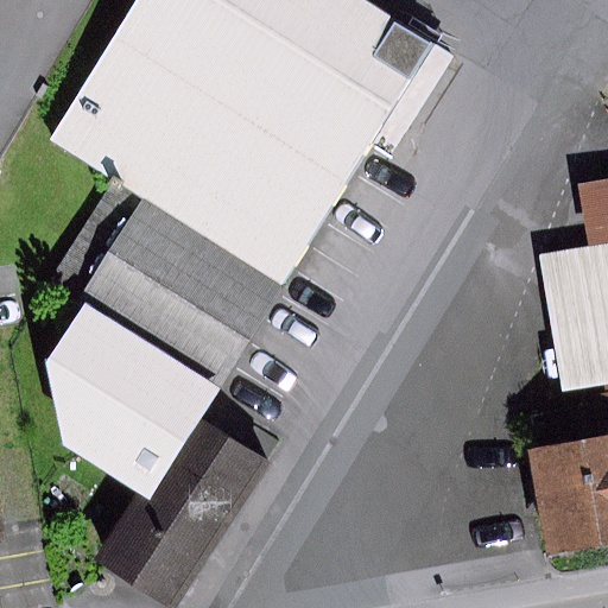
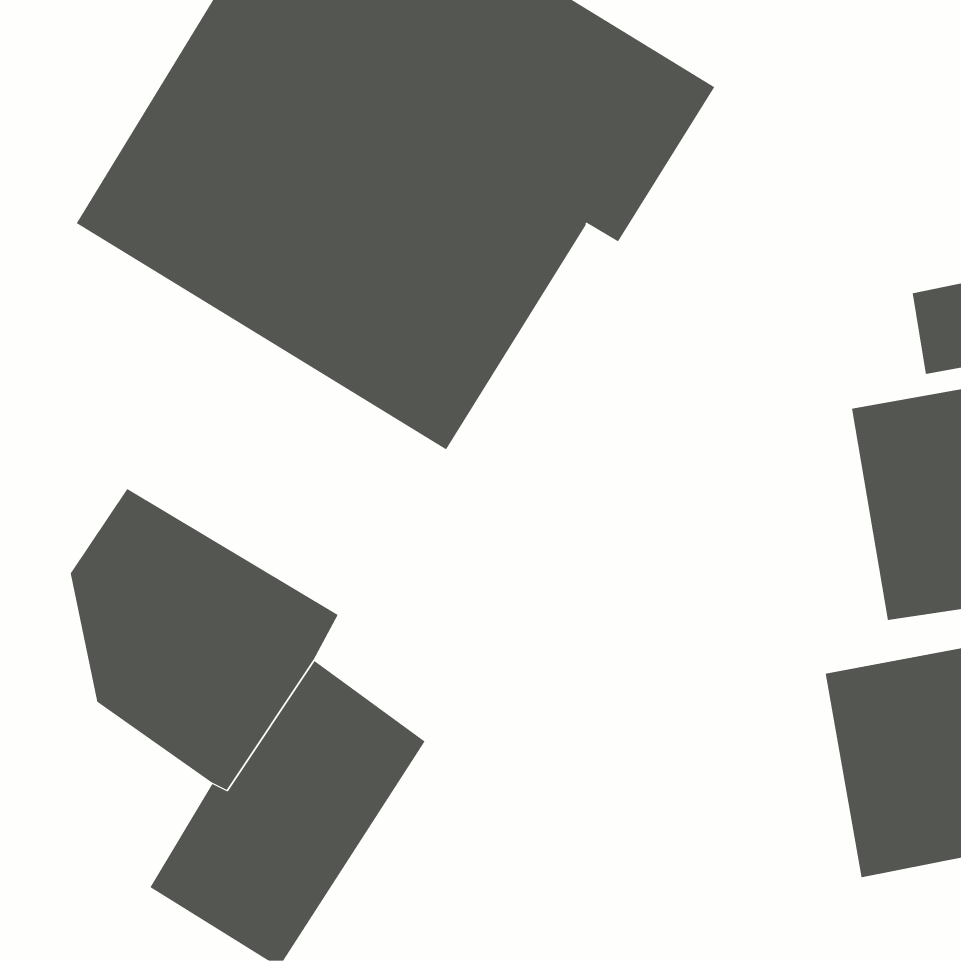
building: [83,202,284,386] -> none

